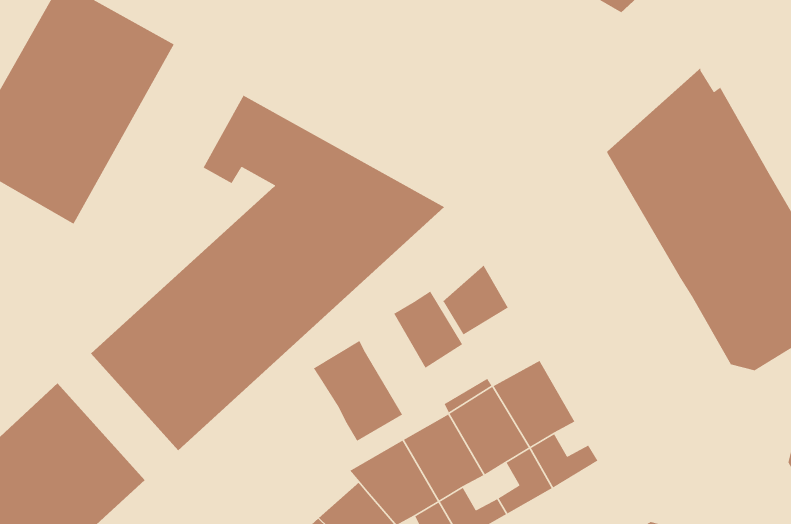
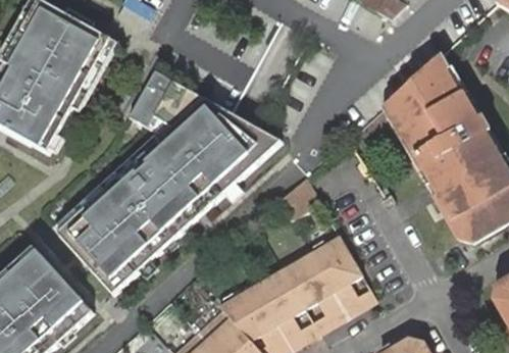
building: [393,291,463,369] -> none
building: [313,340,403,442] -> none

